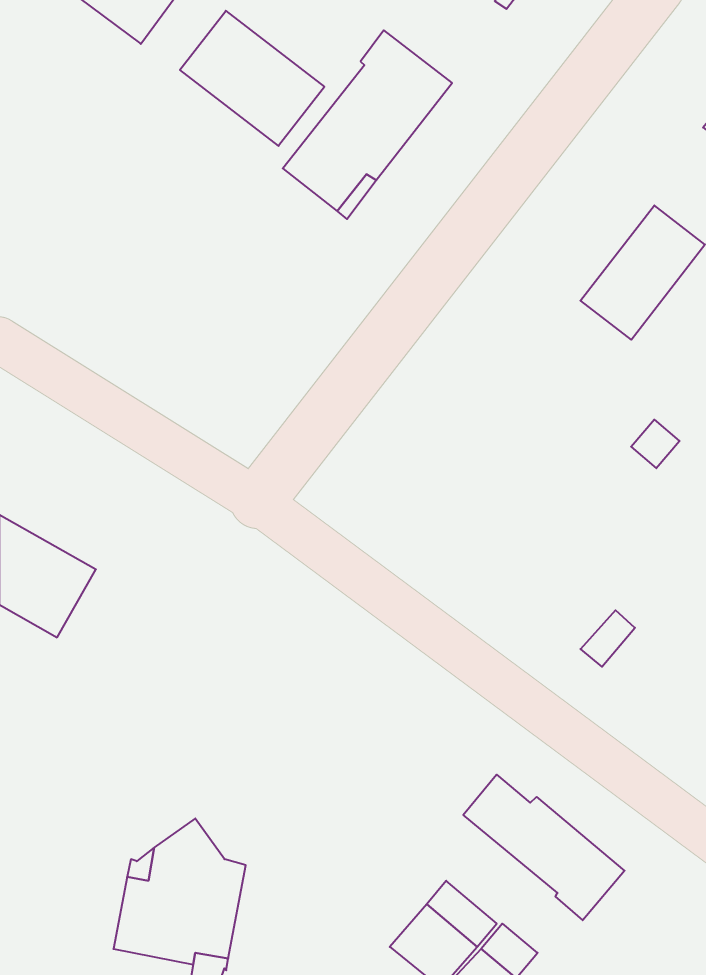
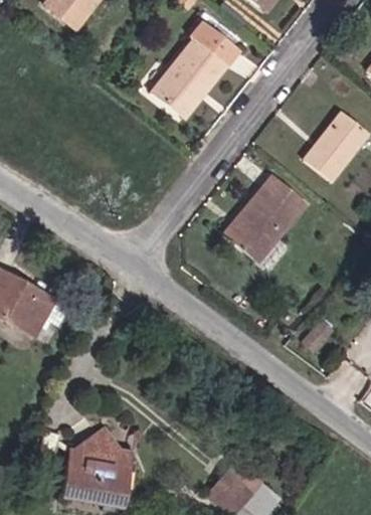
building: [180,11,324,146] -> none
building: none -> [225,174,307,261]
building: [463,775,625,920] -> none

